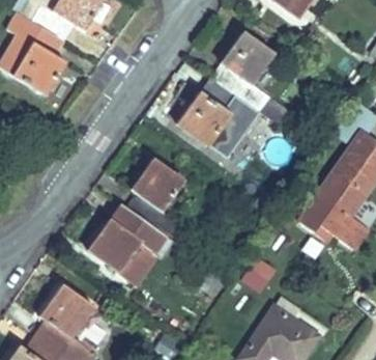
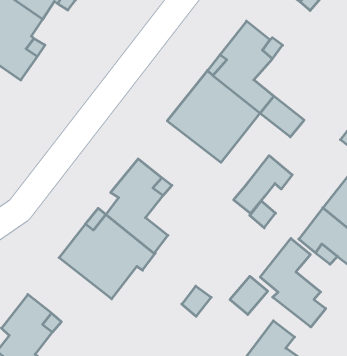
building: none -> [234,156,292,214]
building: none -> [260,238,326,327]

